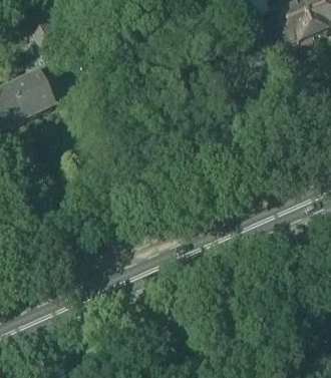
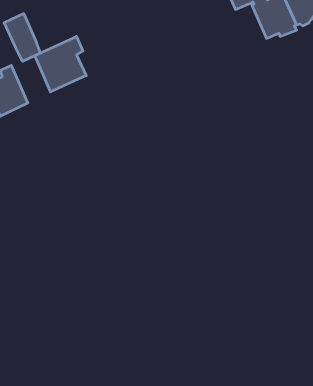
building: none -> [35,36,86,92]

